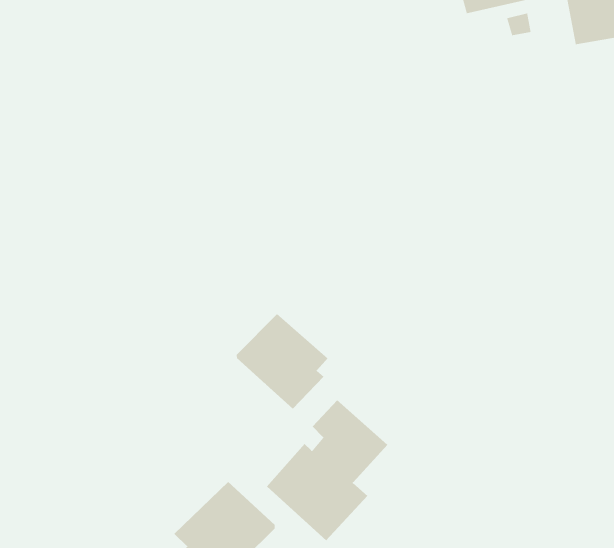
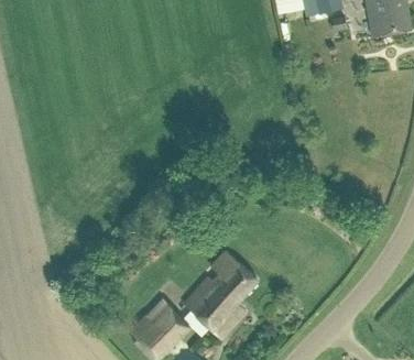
building: [236,313,329,410] -> none

